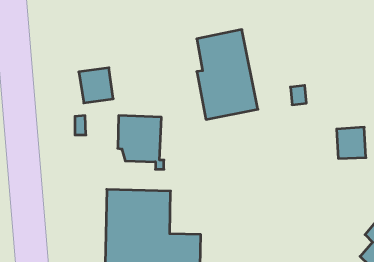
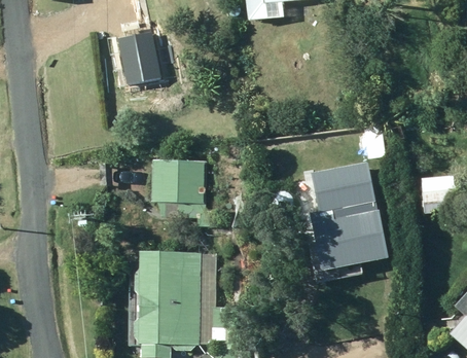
building: [197,30,258,119] -> [311,160,386,271]
building: [79,68,113,103] -> [115,32,157,75]

